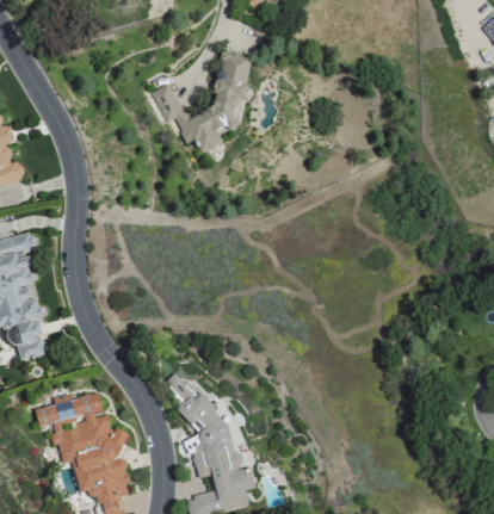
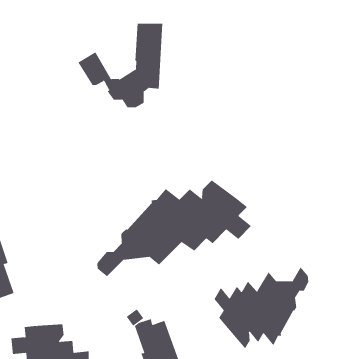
building: none -> [97,179,252,277]
building: none -> [214,266,309,349]

